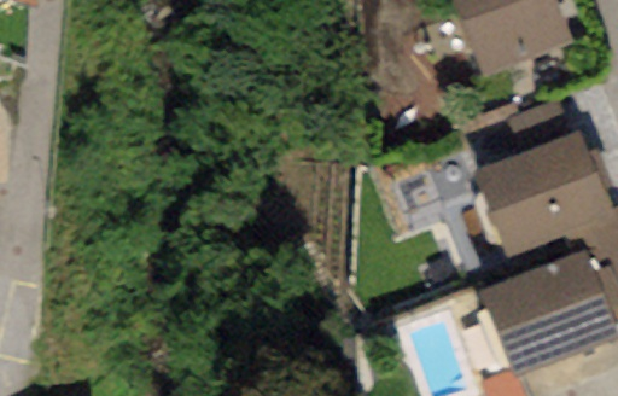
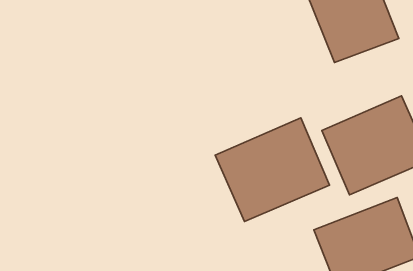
building: none -> [215,118,329,222]

